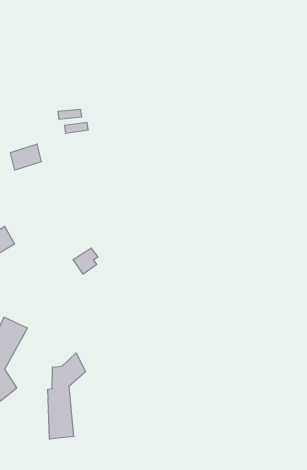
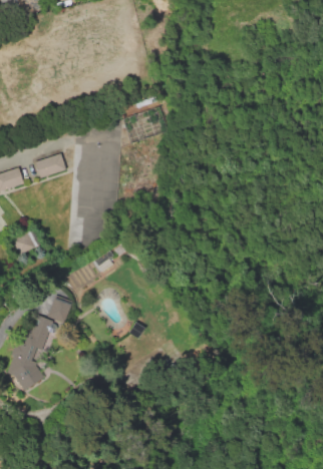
building: none -> [47,291,69,323]
building: [48,353,85,439] -> none

